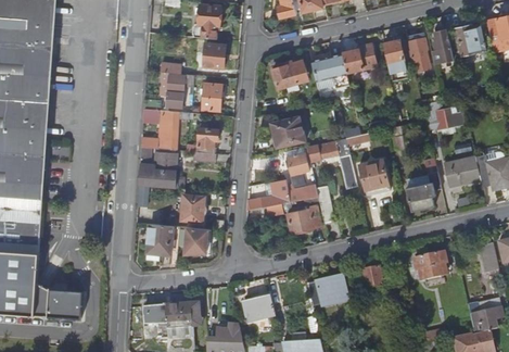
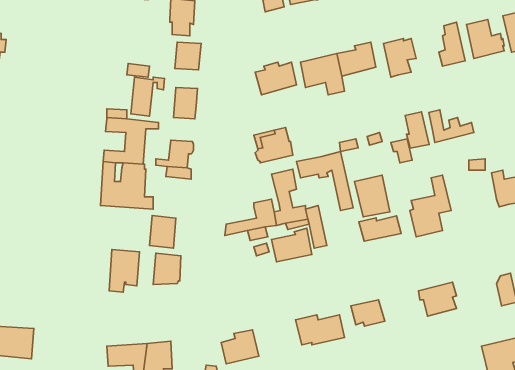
building: [410,39,431,71] -> [405,112,429,148]
building: [444,156,481,186] -> none
building: none -> [359,216,401,241]

